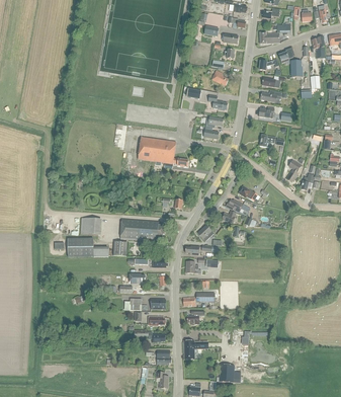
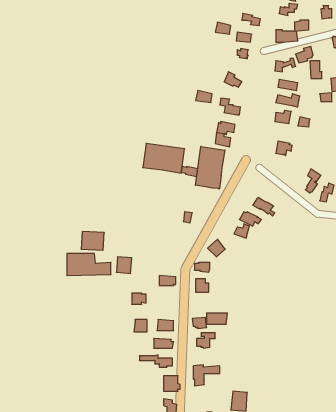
building: none -> [195,146,225,189]
building: [119,218,164,245] -> none

